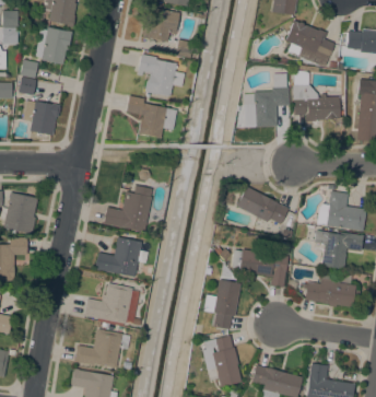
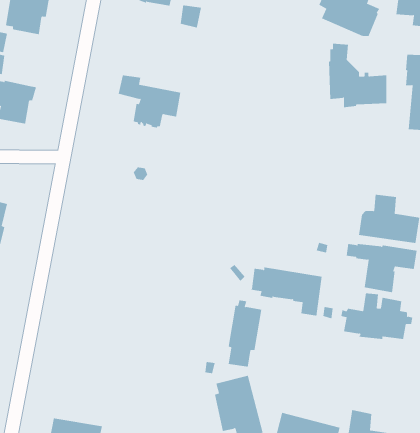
building: [137,54,184,95] -> none
building: [243,73,290,127] -> none
building: [104,185,152,232] -> none
building: [236,186,289,223] -> none
building: [95,236,141,277] -> none
building: [84,282,140,325] -> none
building: [74,328,129,367] -> none

